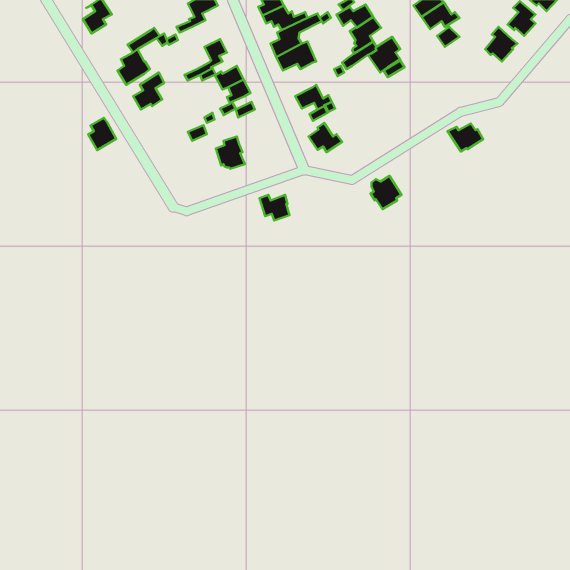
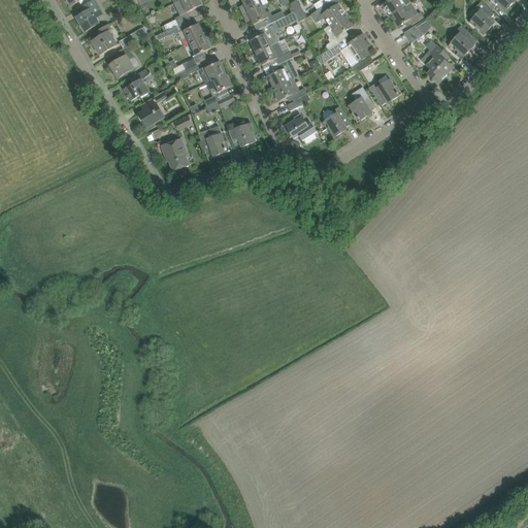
building: none -> [91,24,117,56]
building: none -> [166,24,203,47]
building: none -> [422,45,453,84]
building: none -> [267,58,298,89]
building: none -> [348,87,375,121]
building: [88,118,116,150] -> [138,98,164,128]
building: [447,123,483,151] -> [368,79,401,105]
building: none -> [161,139,188,170]
building: [370,176,402,209] -> [322,106,351,137]
building: [259,195,290,221] -> [227,123,255,146]

